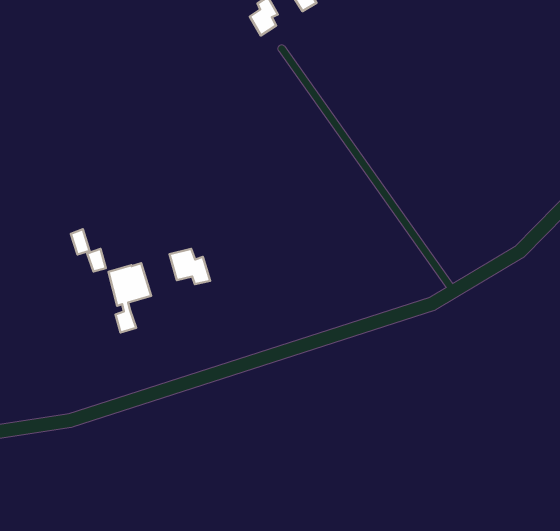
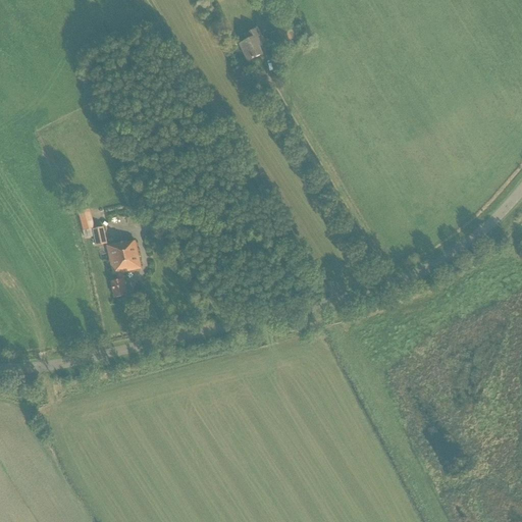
building: [170,249,210,284] -> none

